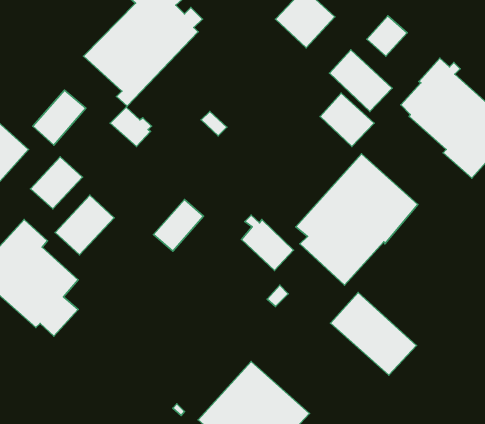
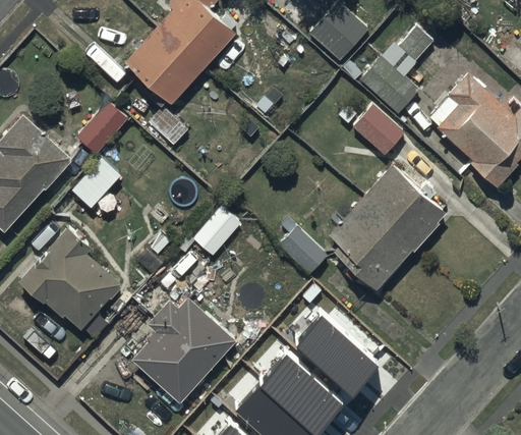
building: [55,195,114,255] -> none
building: [330,292,416,375] -> [296,323,379,402]
building: none -> [133,296,234,399]

